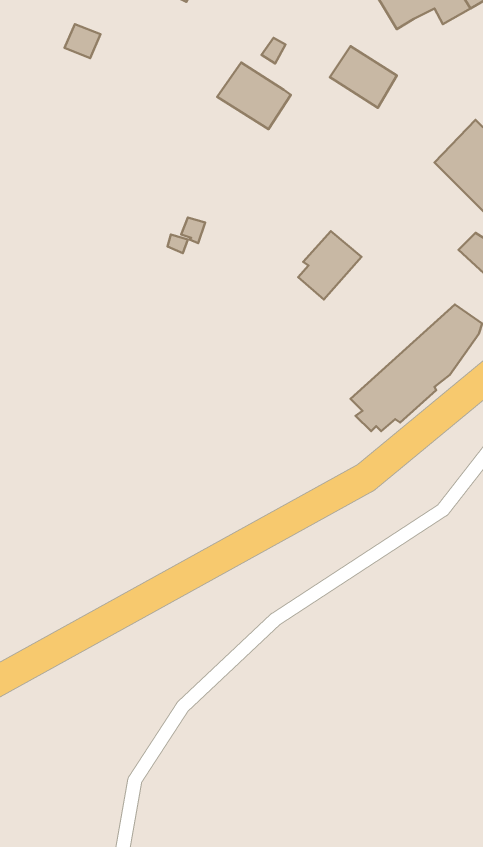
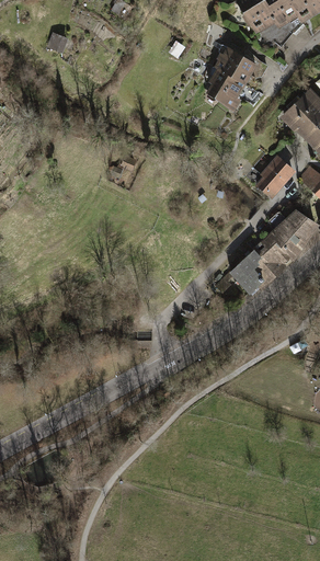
building: [217,62,291,129] -> [203,67,250,110]
building: [298,231,362,300] -> [256,153,297,197]

